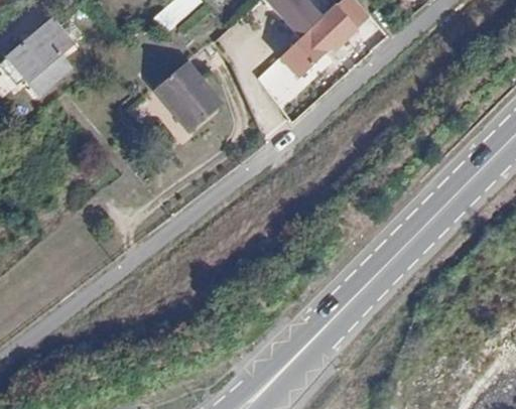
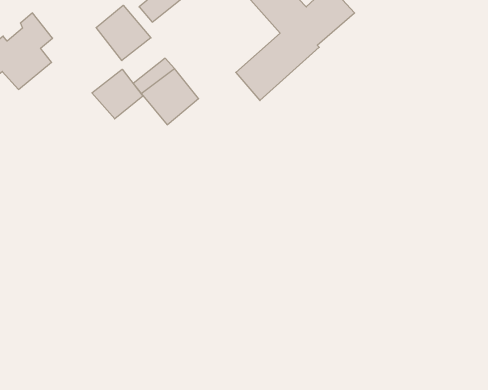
building: none -> [96,5,151,61]
building: none -> [92,69,143,119]

